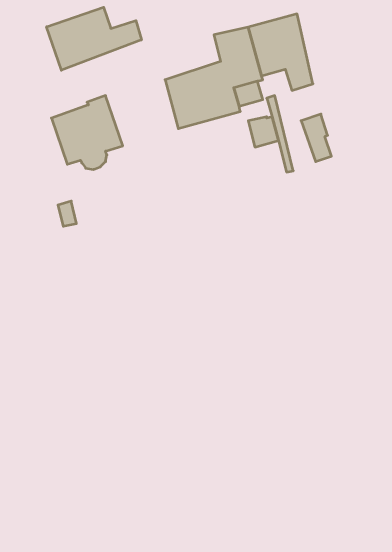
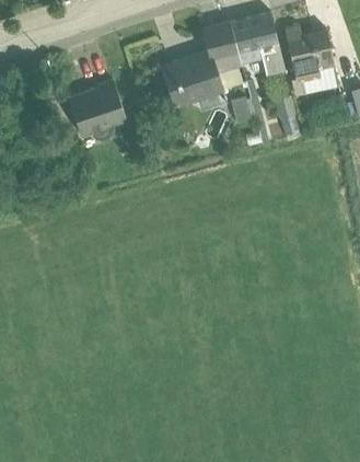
building: [47,7,141,70] -> none
building: none -> [283,25,337,96]

